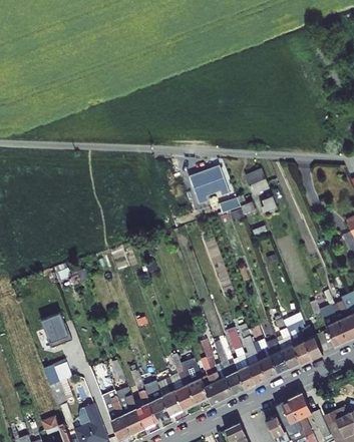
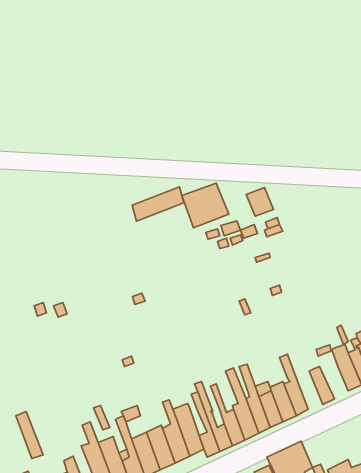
building: none -> [132,187,184,221]
building: [284,314,313,366] -> none
building: [41,315,72,350] -> none

